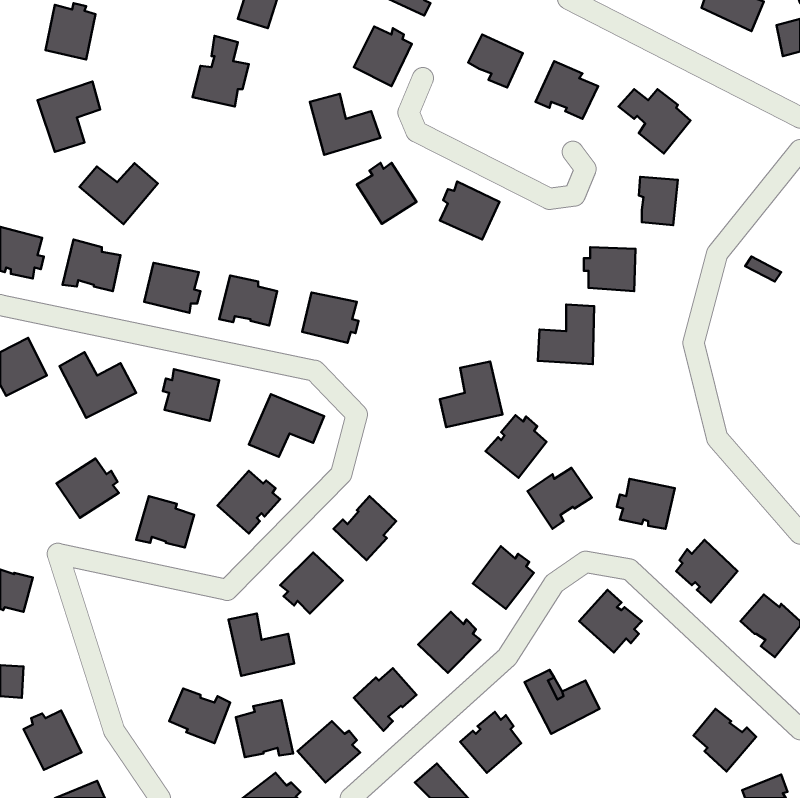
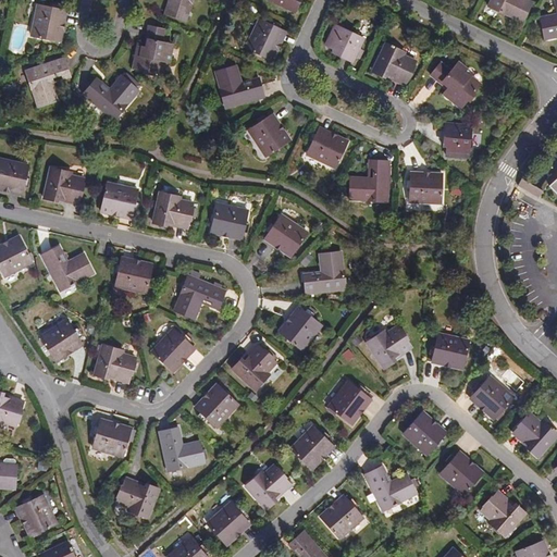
building: [80,163,158,224] -> [84,76,138,119]
building: [538,305,594,364] -> [349,159,388,200]
building: none -> [264,213,307,256]
building: [486,415,547,478] -> [278,306,321,349]
building: none -> [92,419,132,456]
building: none -> [440,450,483,494]
building: [236,700,293,757] -> none

